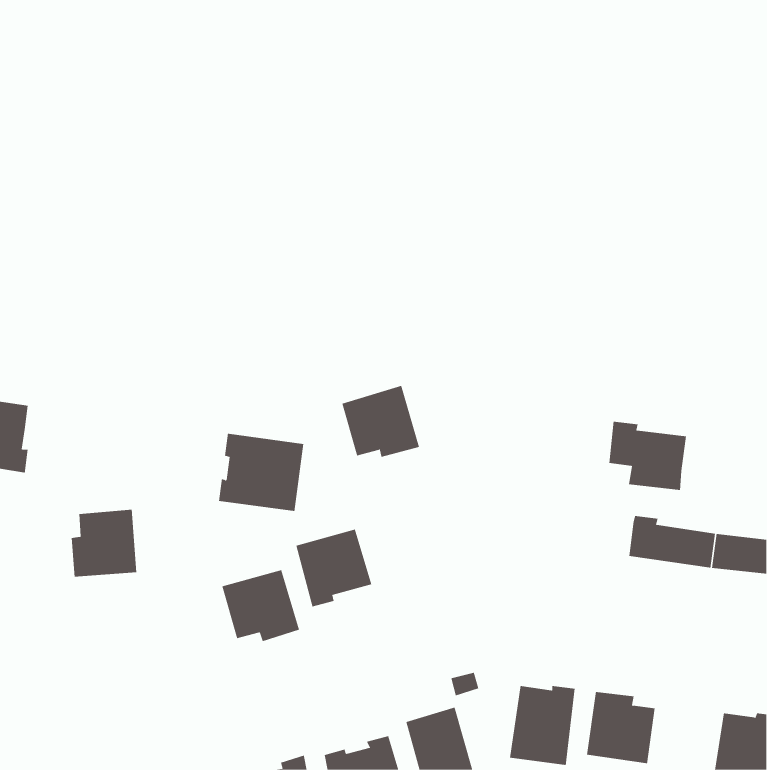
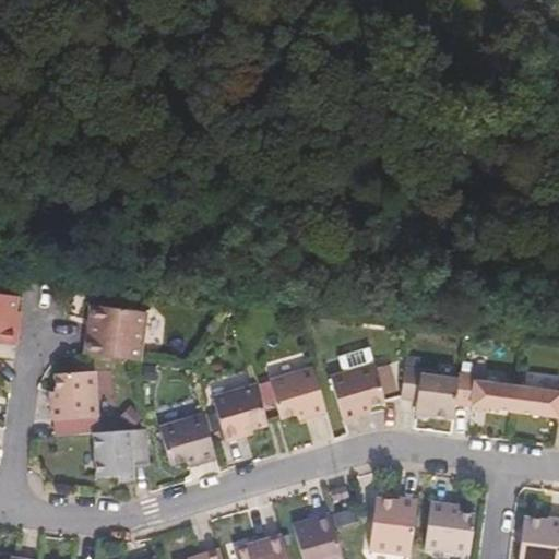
building: [341,385,420,458] -> [271,366,328,418]
building: [608,421,687,490] -> [402,367,459,417]
building: [218,433,304,512] -> [86,302,148,359]
building: none -> [331,362,385,420]
building: none -> [95,427,150,476]

